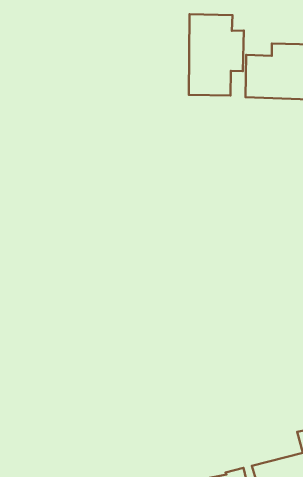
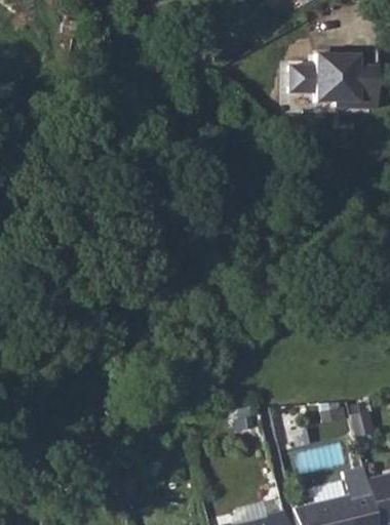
building: [189,14,244,96] -> none

